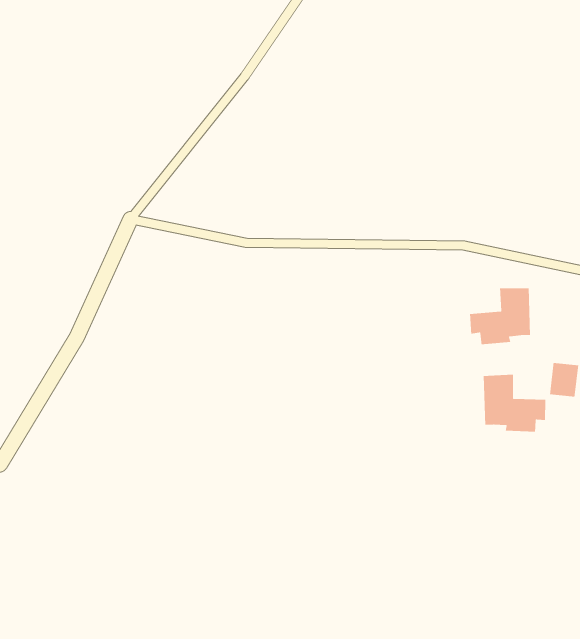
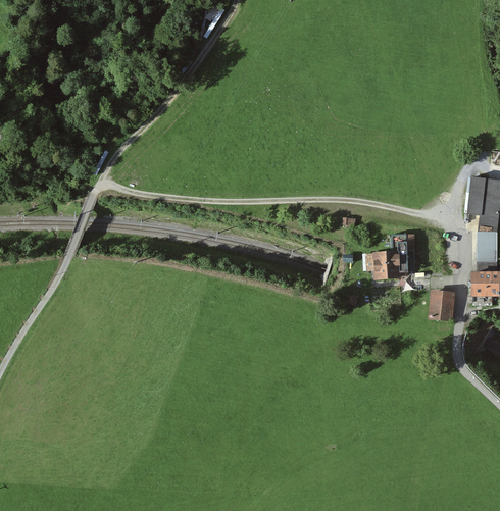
building: [483,374,546,432] -> none

